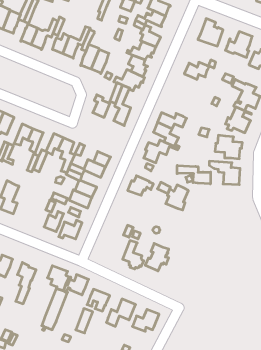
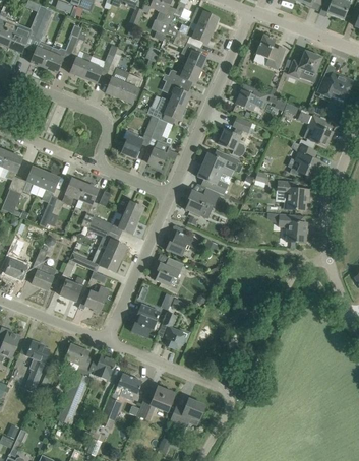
building: none -> [219,117,255,157]
building: [177,165,211,184] -> none
building: [166,185,188,210] -> [155,257,183,288]
building: none -> [29,249,56,290]
building: [145,243,169,271] -> [130,304,160,338]

